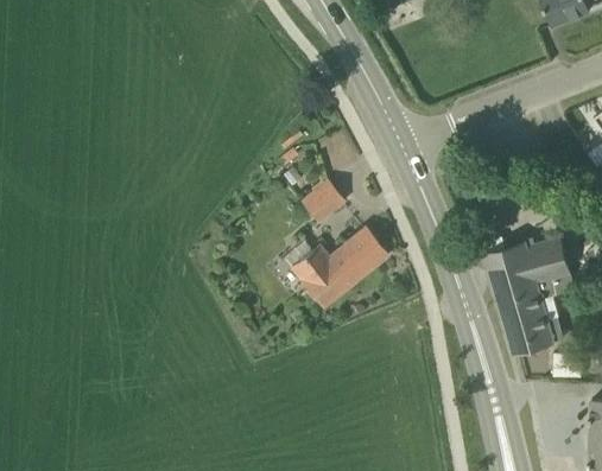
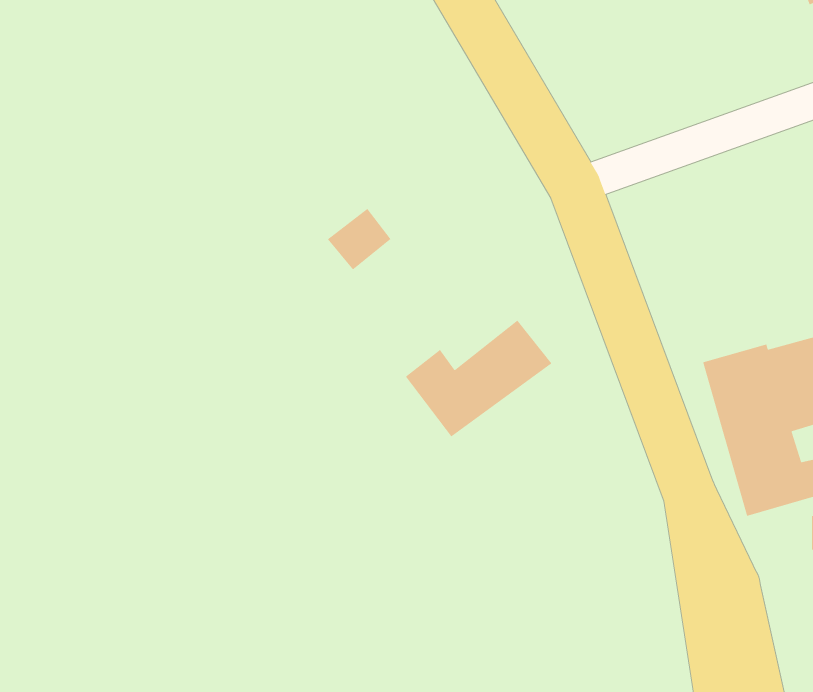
building: [303,182,344,222] -> [327,208,391,270]

